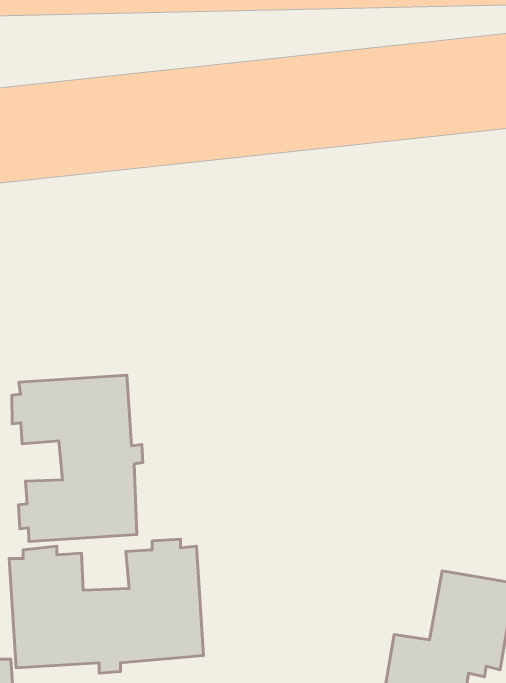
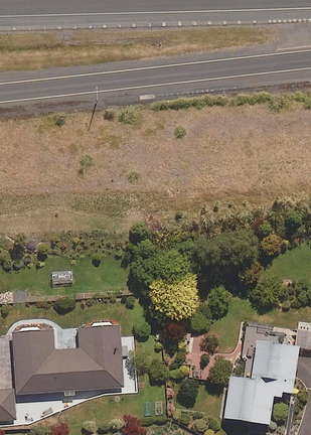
building: [12,375,143,541] -> none

